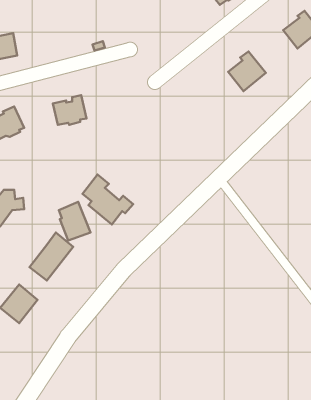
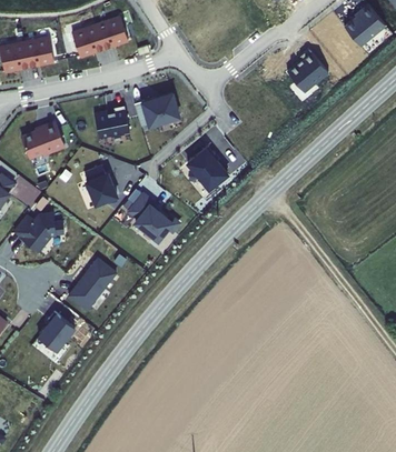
building: none -> [72,17,128,58]
building: none -> [143,97,180,128]
building: none -> [185,149,230,194]
building: [59,202,90,241] -> [83,163,118,205]

